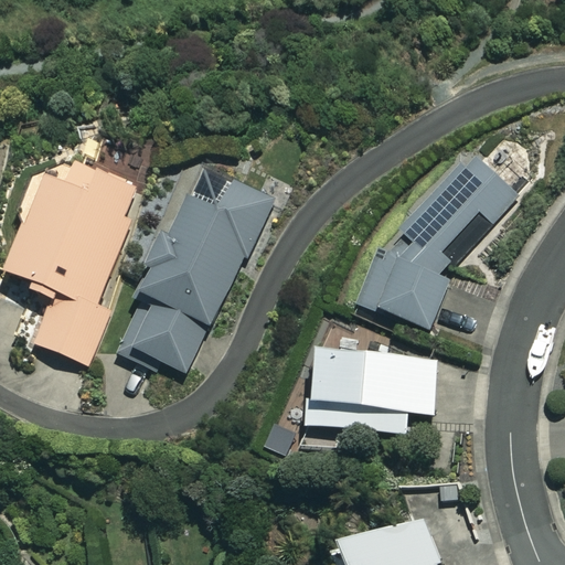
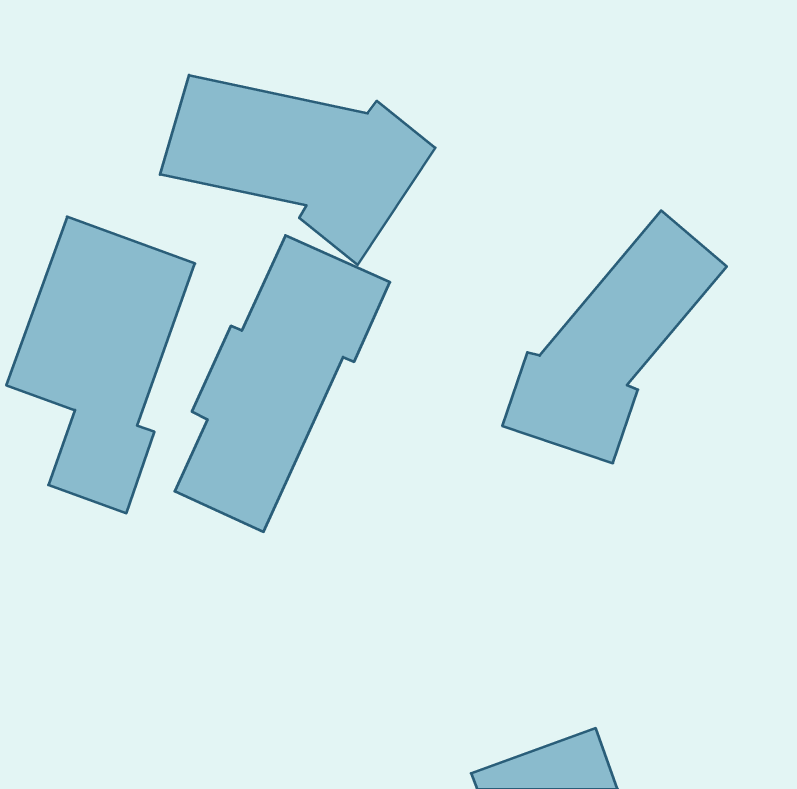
building: none -> [160,75,435,265]
building: [306,350,436,433] -> none

